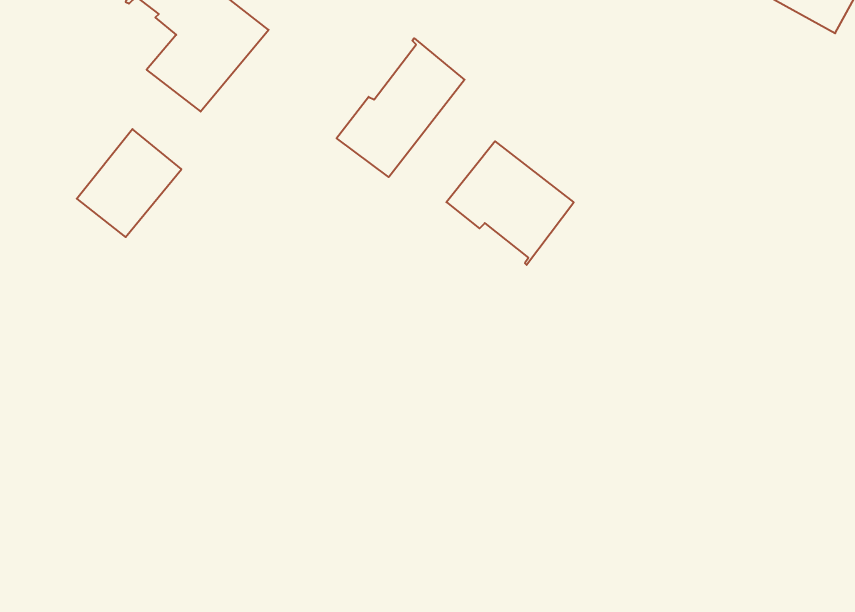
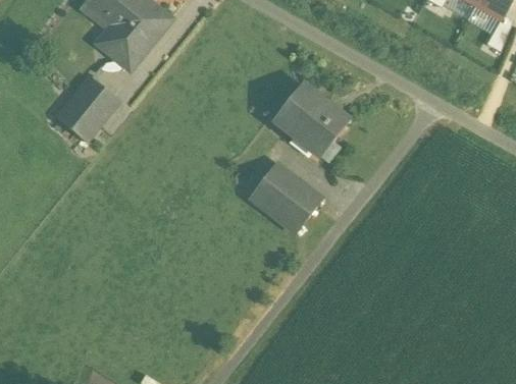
building: [337,38,465,177] -> none
building: none -> [250,164,321,233]

